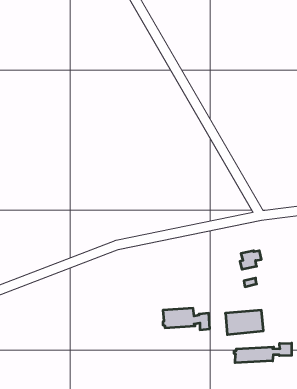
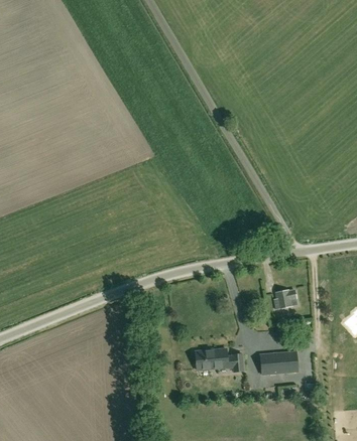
building: [234,343,292,363] -> none

